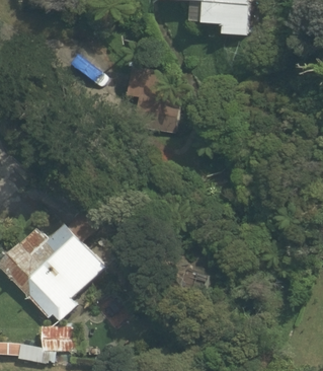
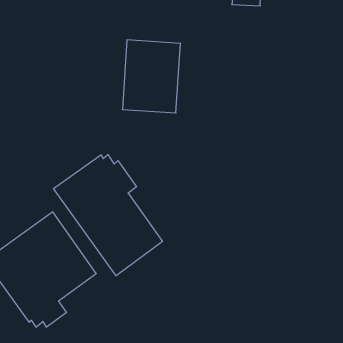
building: none -> [54,155,162,276]

